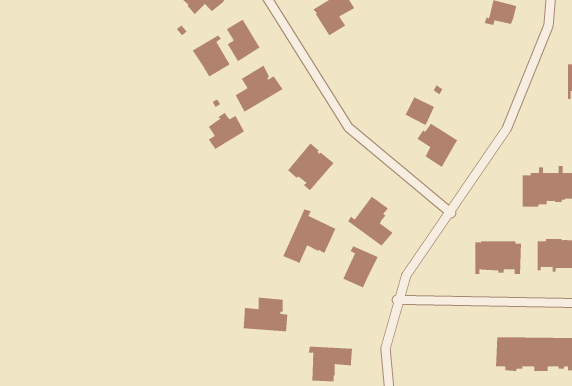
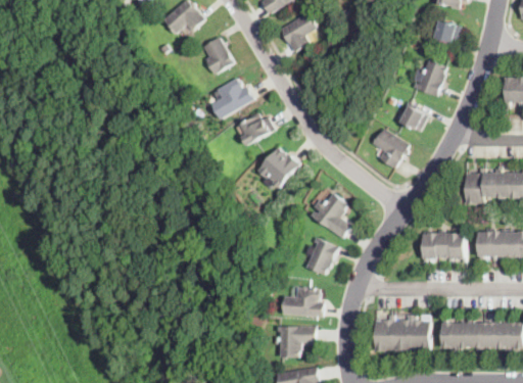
building: [192,34,231,77] -> none
building: none -> [414,59,445,96]
building: [405,96,435,125] -> [400,105,427,131]
building: [208,112,245,150] -> [241,111,274,145]
building: [282,208,336,264] -> none
building: [243,297,288,332] -> [283,287,323,318]
building: none -> [374,315,429,351]

